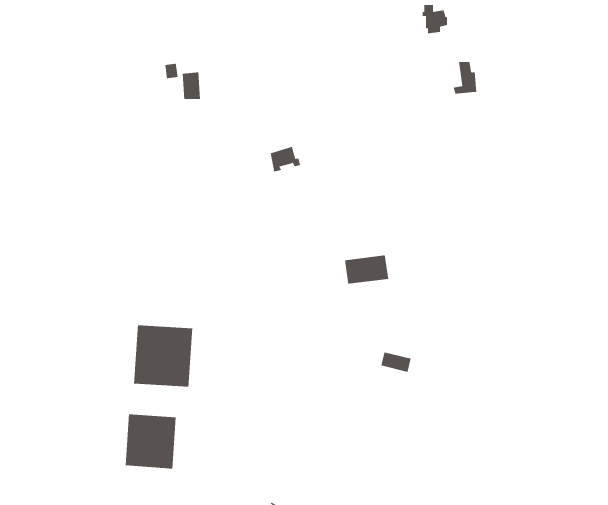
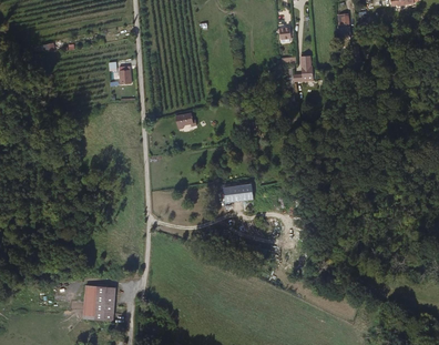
building: [133,324,193,388] -> none

